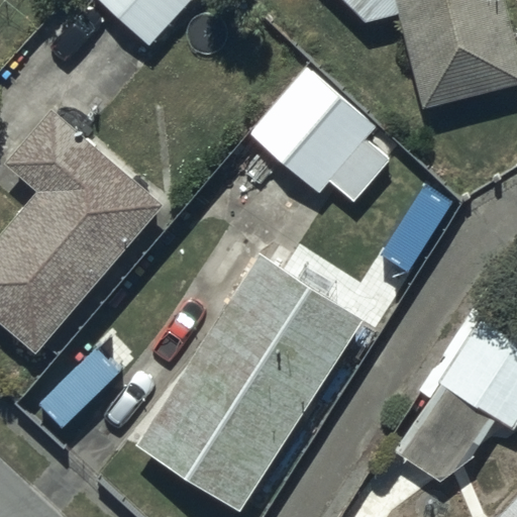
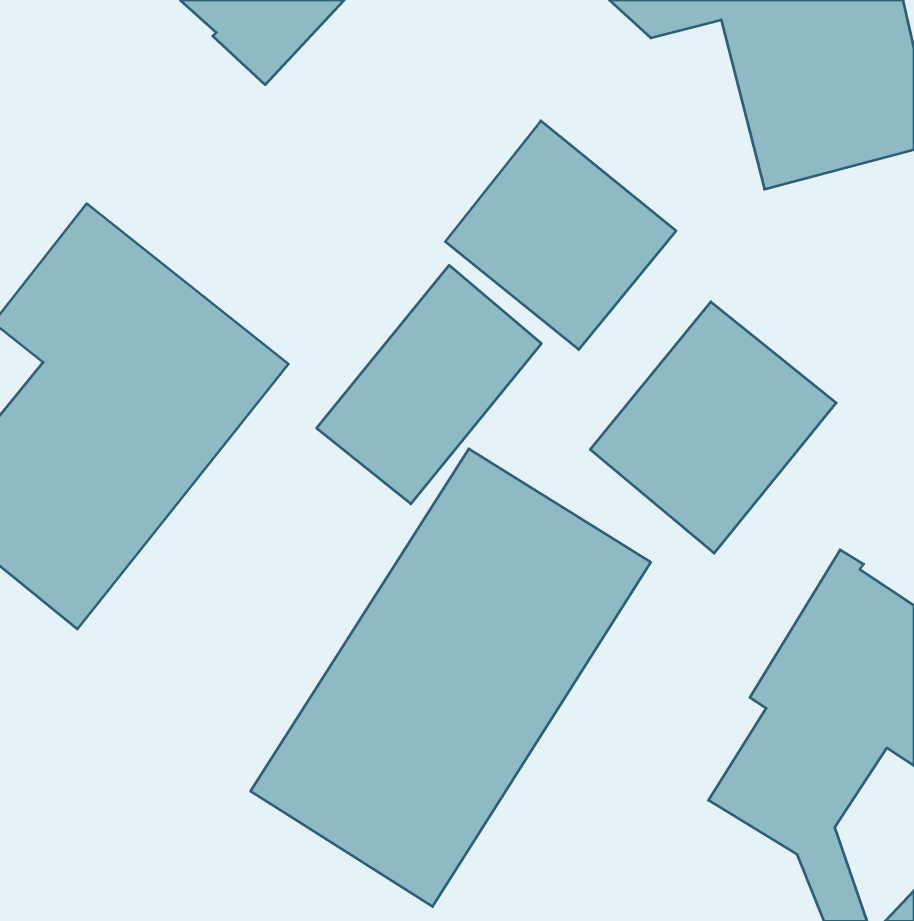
building: none -> [317,265,541,504]
building: none -> [590,302,836,553]

